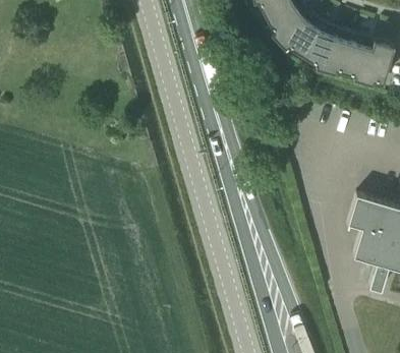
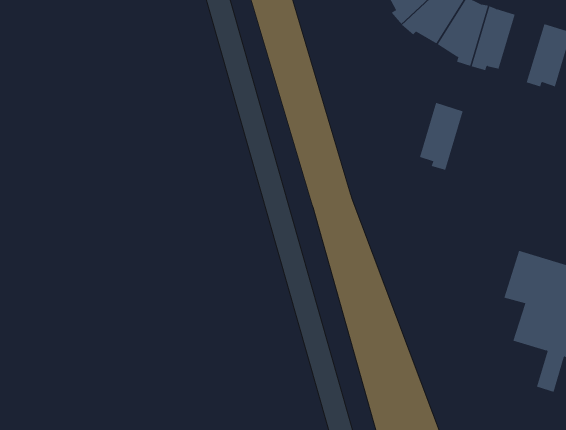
building: [344,35,375,81] -> [419,102,464,171]

